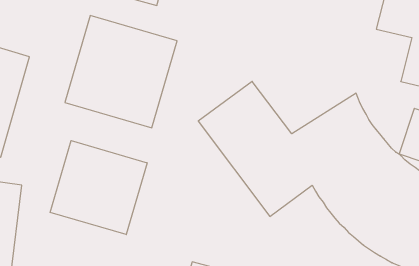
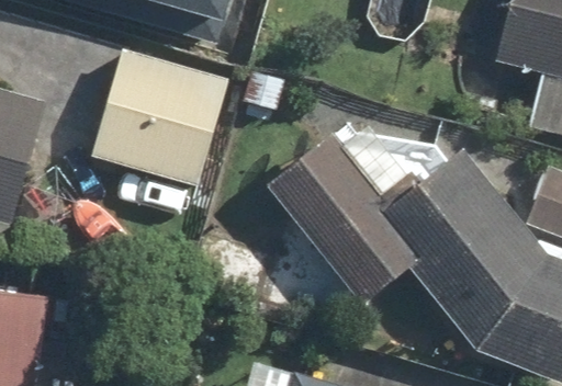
building: [50,141,147,235] -> none

